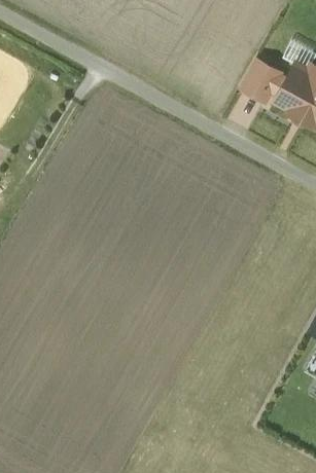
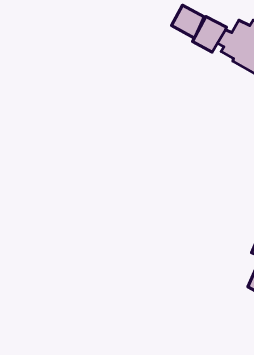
building: none -> [171,5,204,38]

